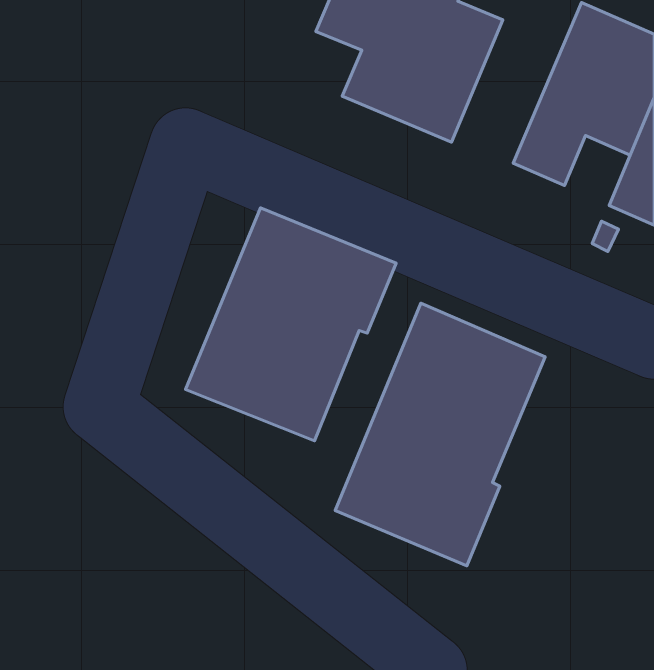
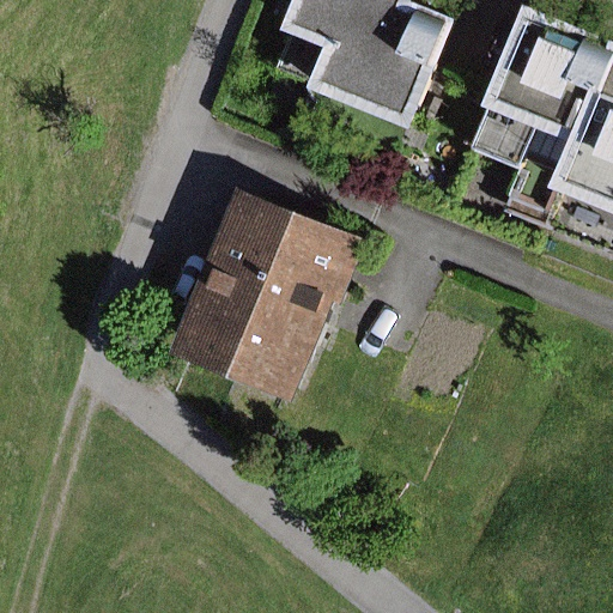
building: [335,303,545,566] -> none

